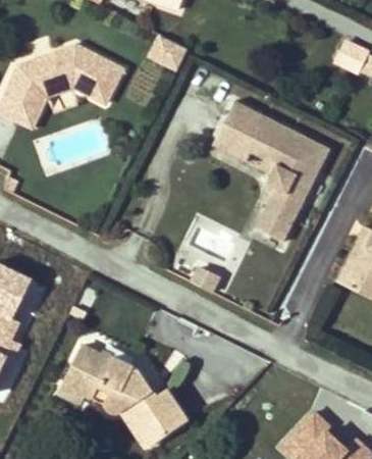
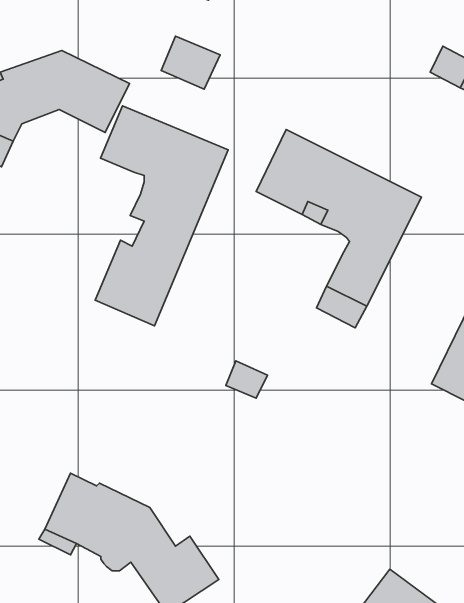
building: none -> [95,106,228,326]

